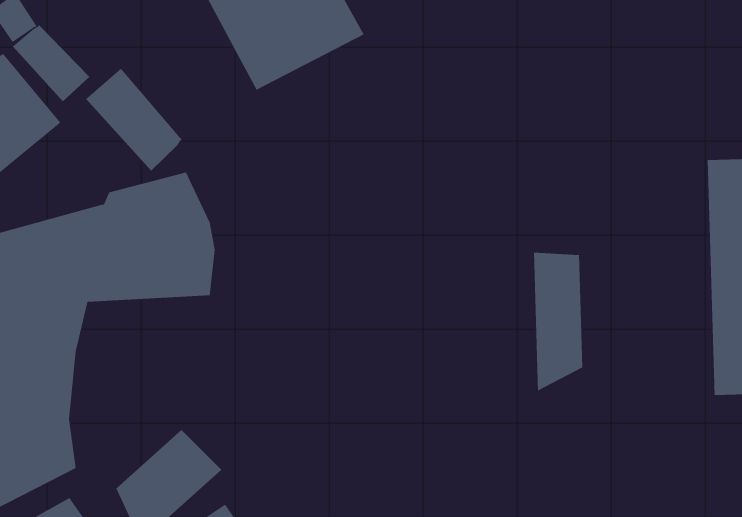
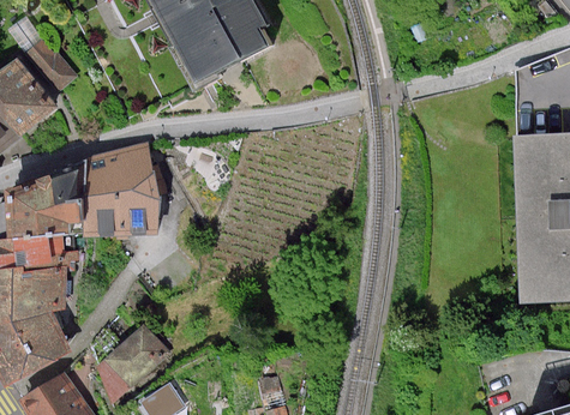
building: [85,68,182,172] -> none
building: [534,252,583,391] -> none

